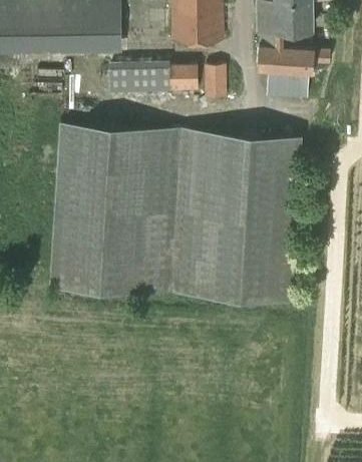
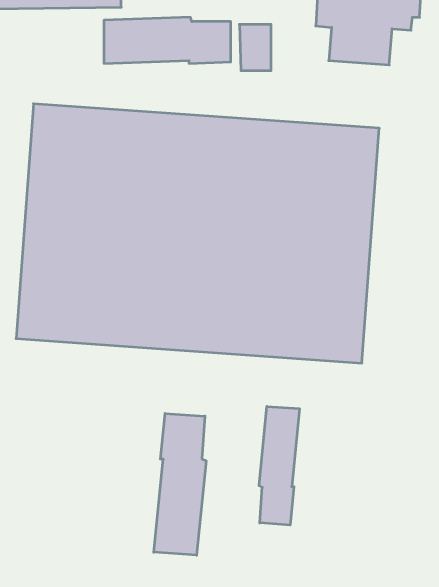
building: none -> [259,406,299,525]
building: none -> [154,413,206,555]

